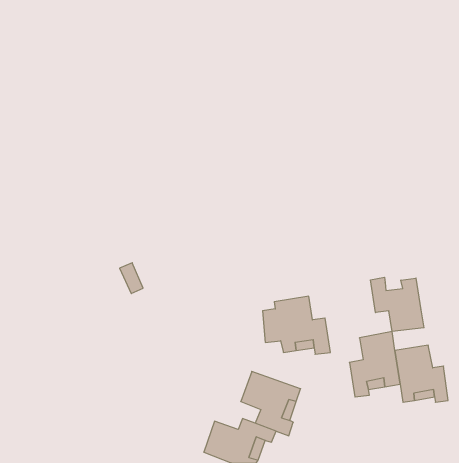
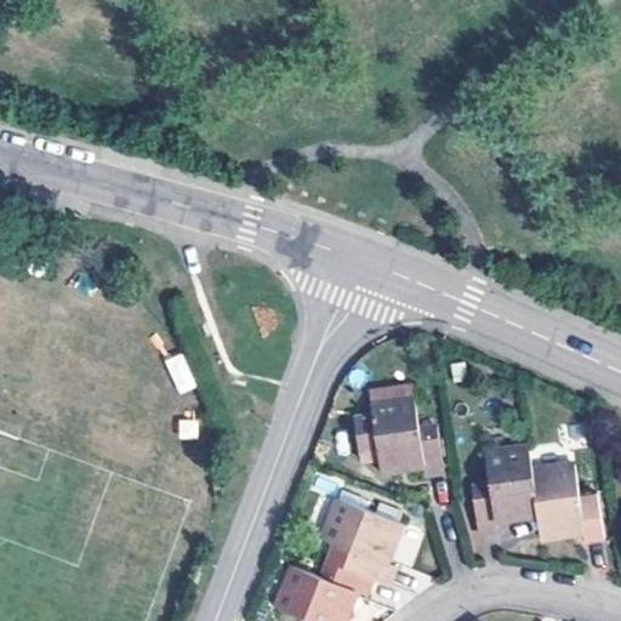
building: [371,277,424,332] -> none

